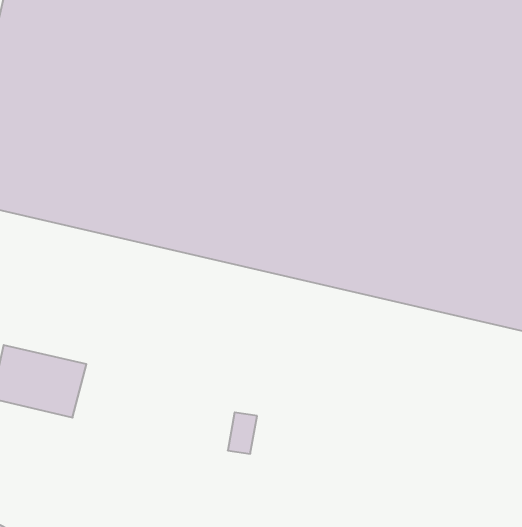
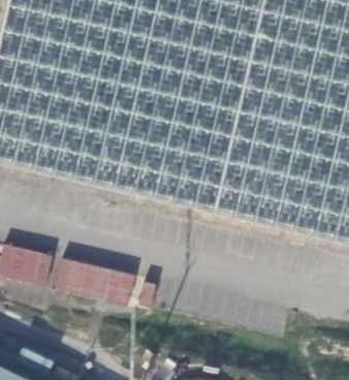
building: none -> [52,256,135,307]

